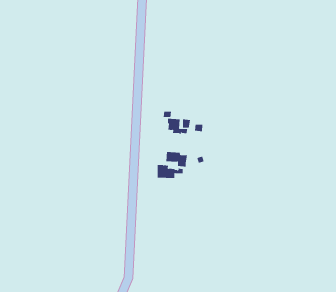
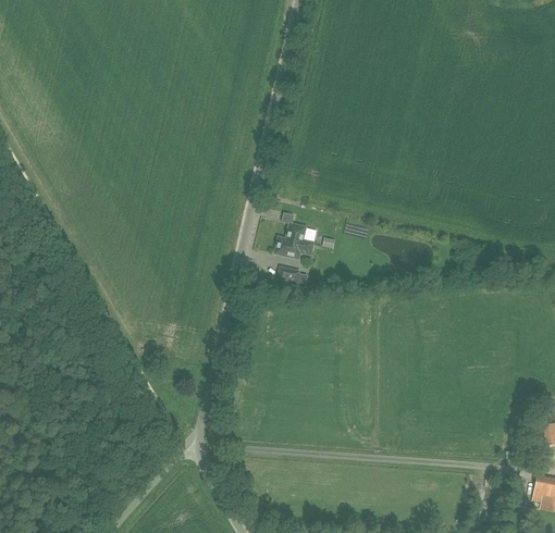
building: [157,164,183,179] -> [275,235,312,258]

